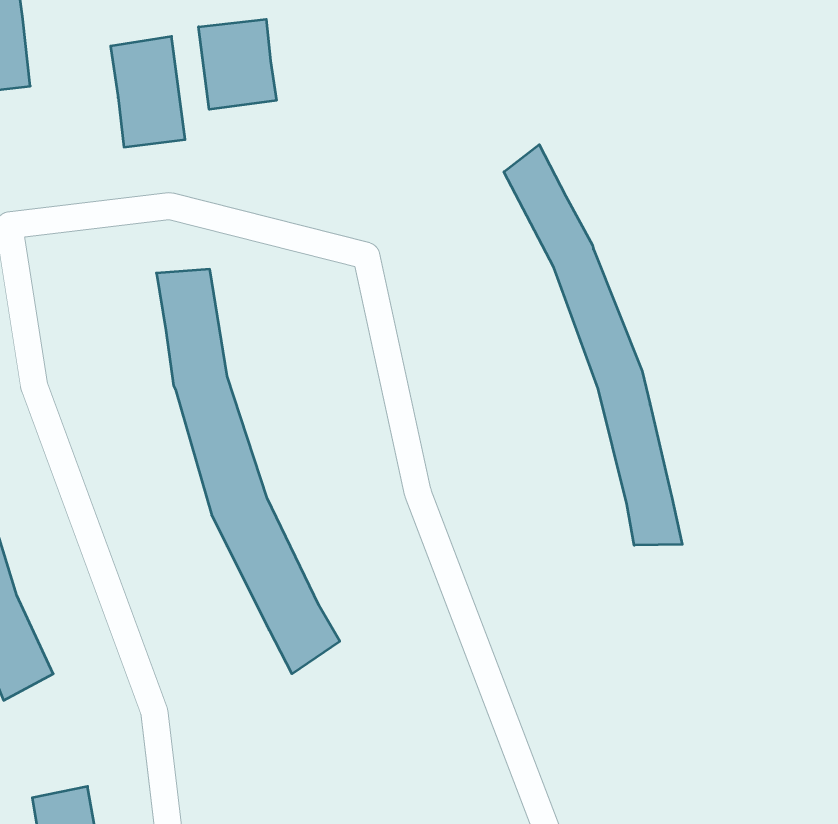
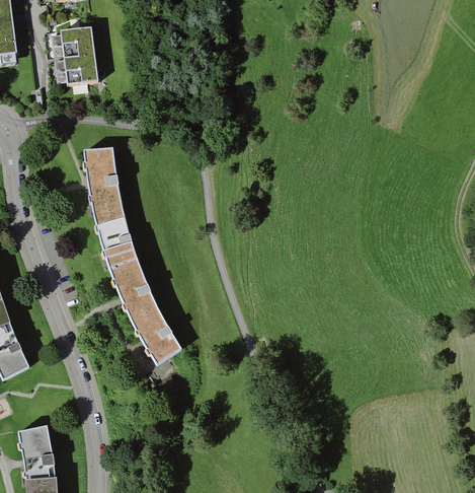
building: [199,19,276,109] -> none
building: [504,145,682,545] -> none

